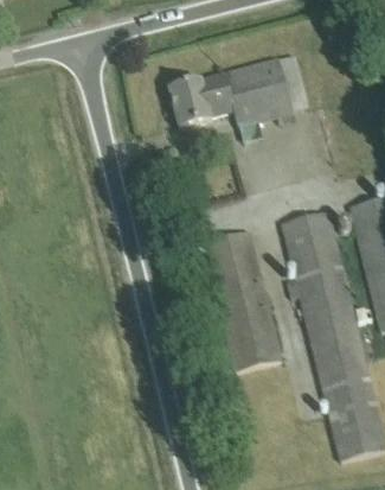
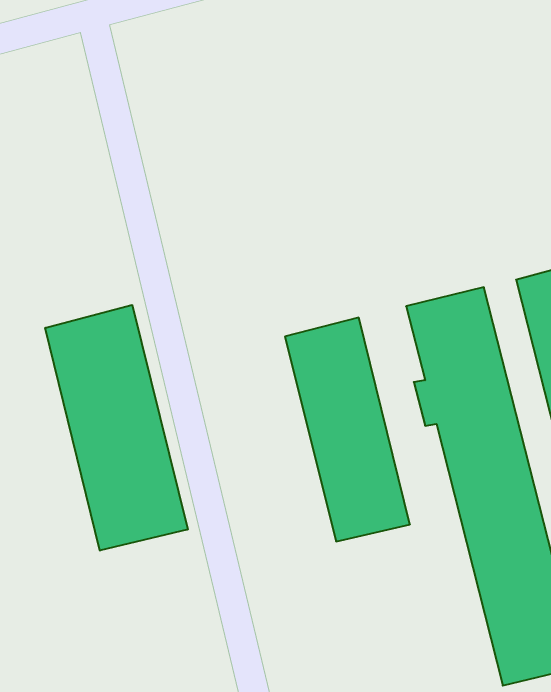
building: [169,57,296,127] -> none
building: none -> [45,305,188,551]

